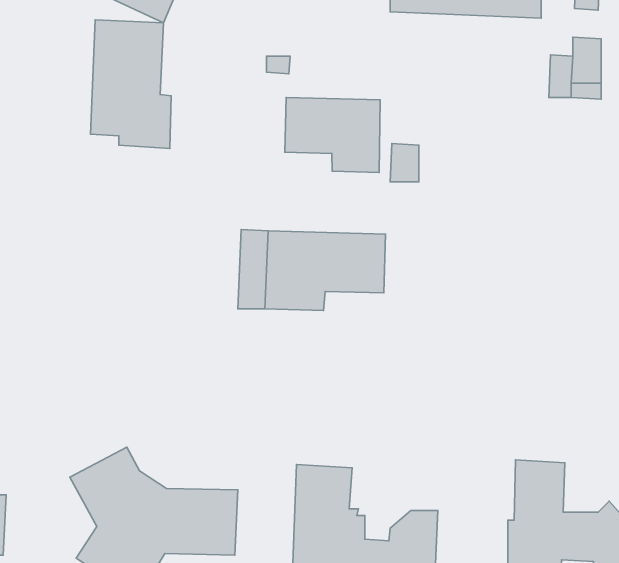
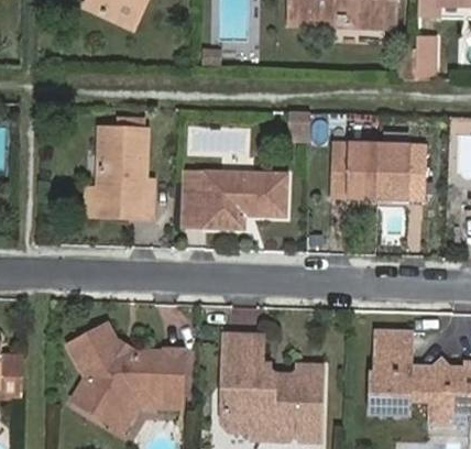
building: [90,20,171,148] -> [97,129,153,218]
building: [285,97,380,173] -> none
building: none -> [330,141,427,202]

